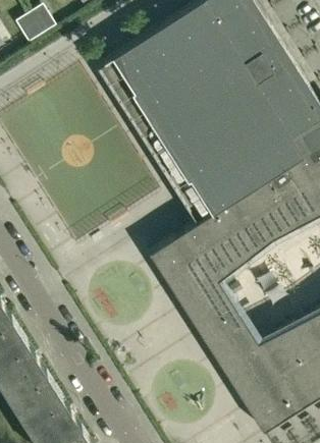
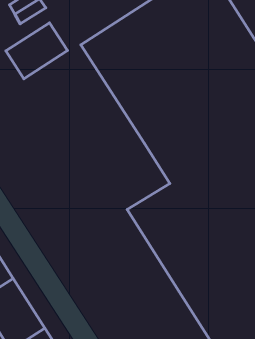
building: none -> [6,23,68,79]

